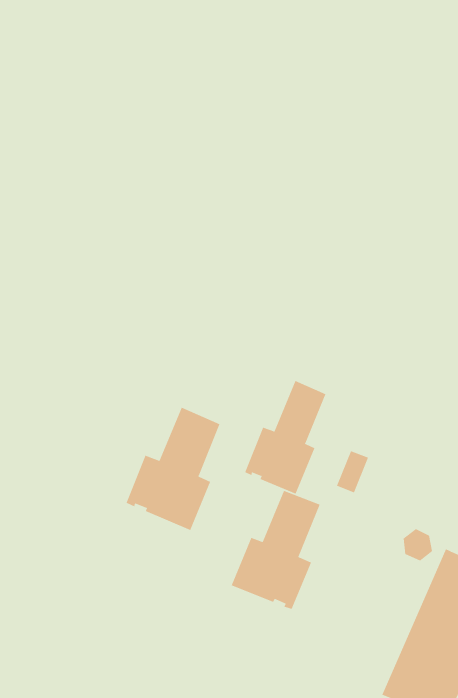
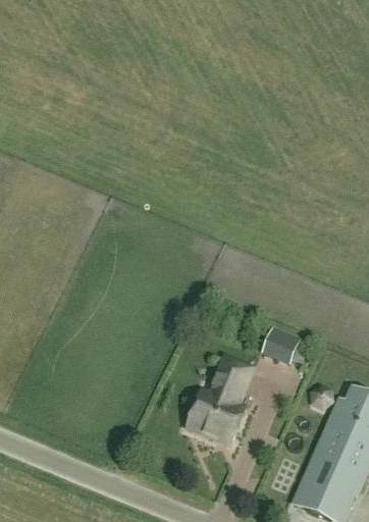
building: [245,380,326,495] -> none
building: [126,407,220,531] -> none

